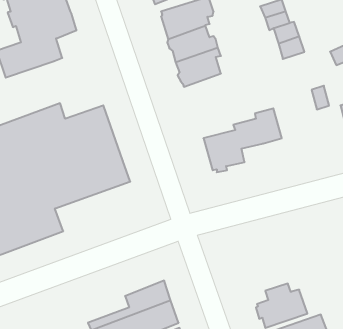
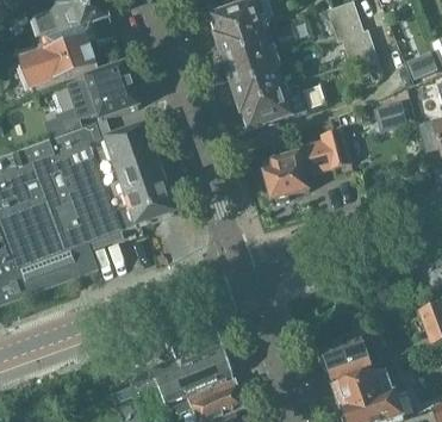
building: none -> [66,63,138,120]
building: none -> [237,85,304,129]

